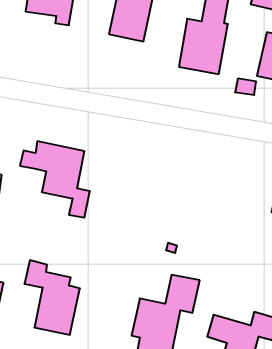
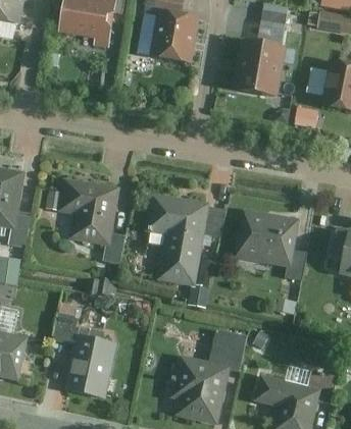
building: none -> [146,194,228,308]
building: none -> [233,210,307,279]

